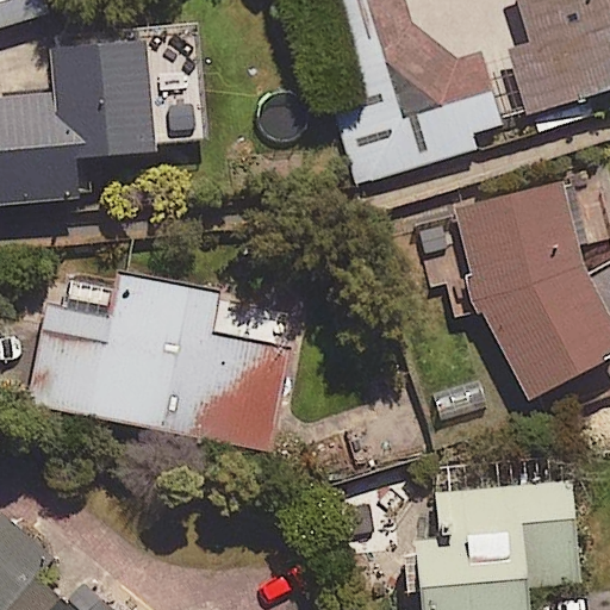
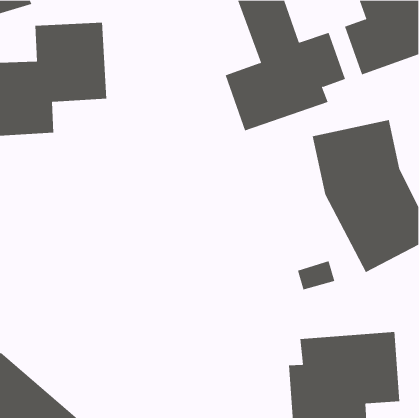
building: [31,275,290,449] -> none

